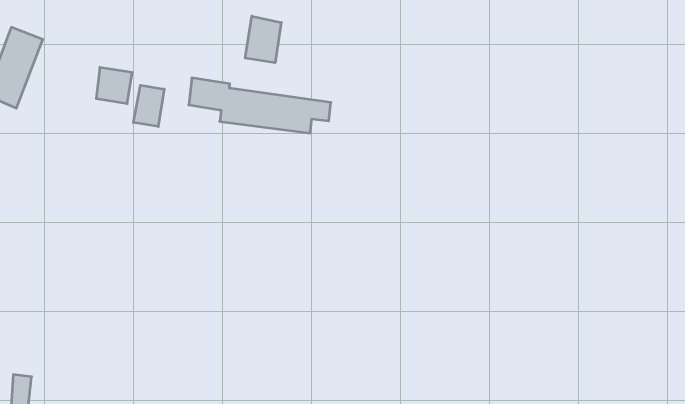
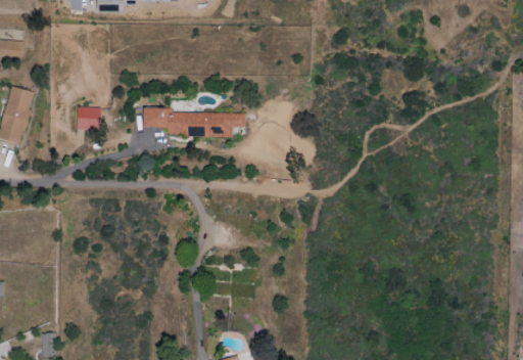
building: [245,16,281,63] -> none
building: [133,85,164,127] -> none

